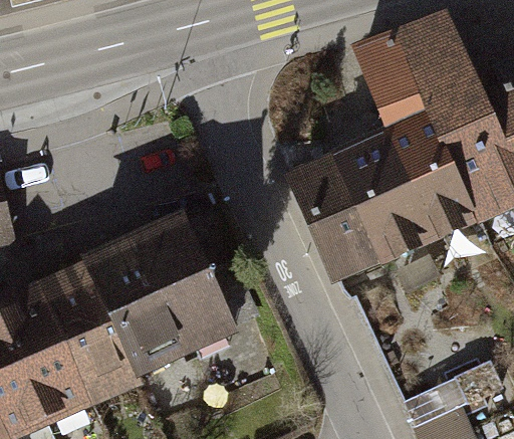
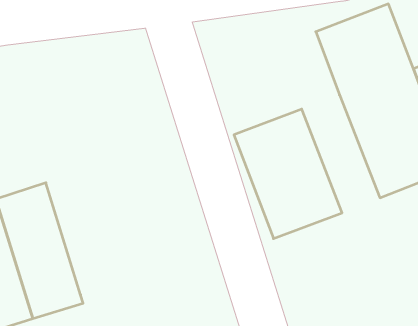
building: [353,119,453,250] -> none
building: [77,215,227,378] -> none

